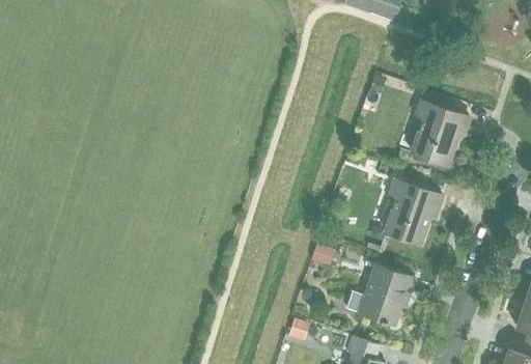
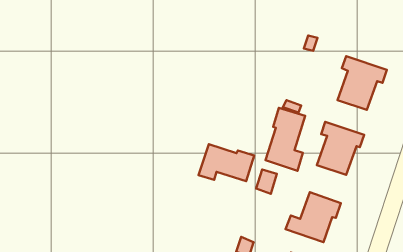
building: none -> [266,108,305,171]
building: none -> [199,144,254,181]

